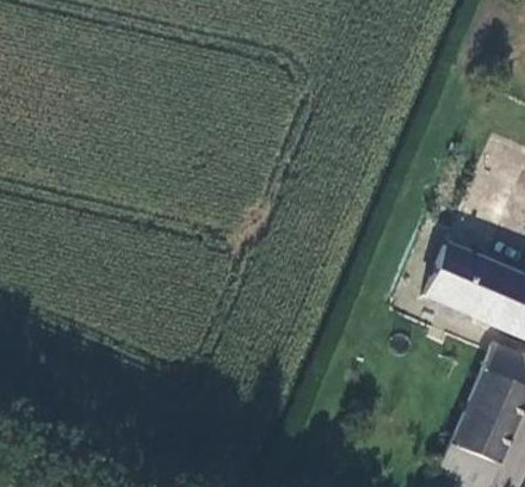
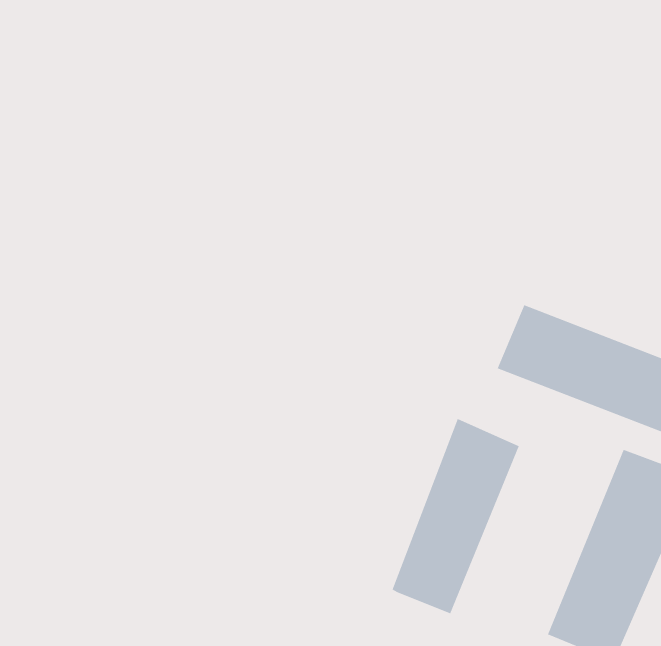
building: none -> [392,418,519,614]

